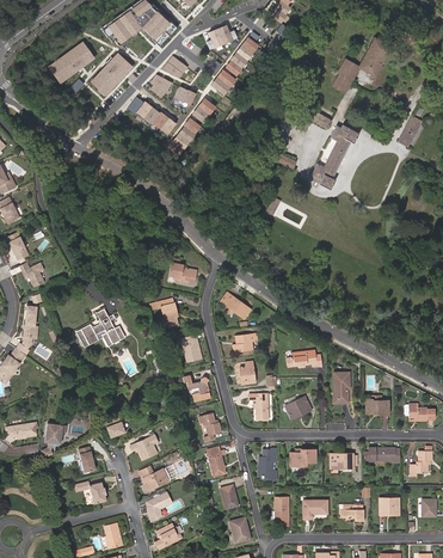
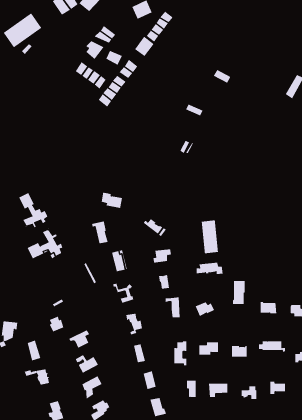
building: [332,37,392,93] -> none
building: [91,53,133,96] -> none
building: [312,125,358,189] -> none
building: none -> [18,192,50,228]
building: none -> [201,220,219,254]

